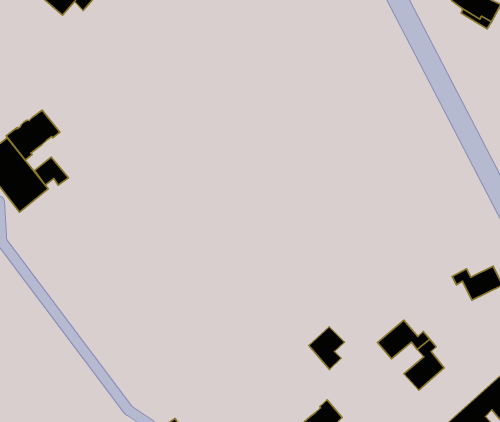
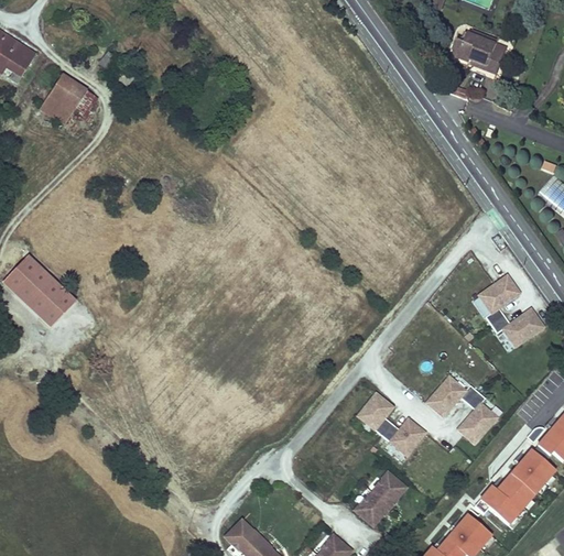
building: [6,110,60,160] -> none
building: [34,157,69,185] -> none
building: none -> [480,276,522,327]
building: none -> [384,421,427,458]

